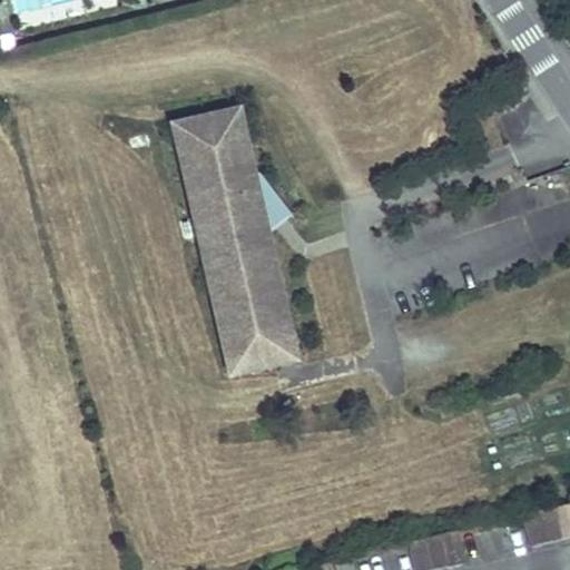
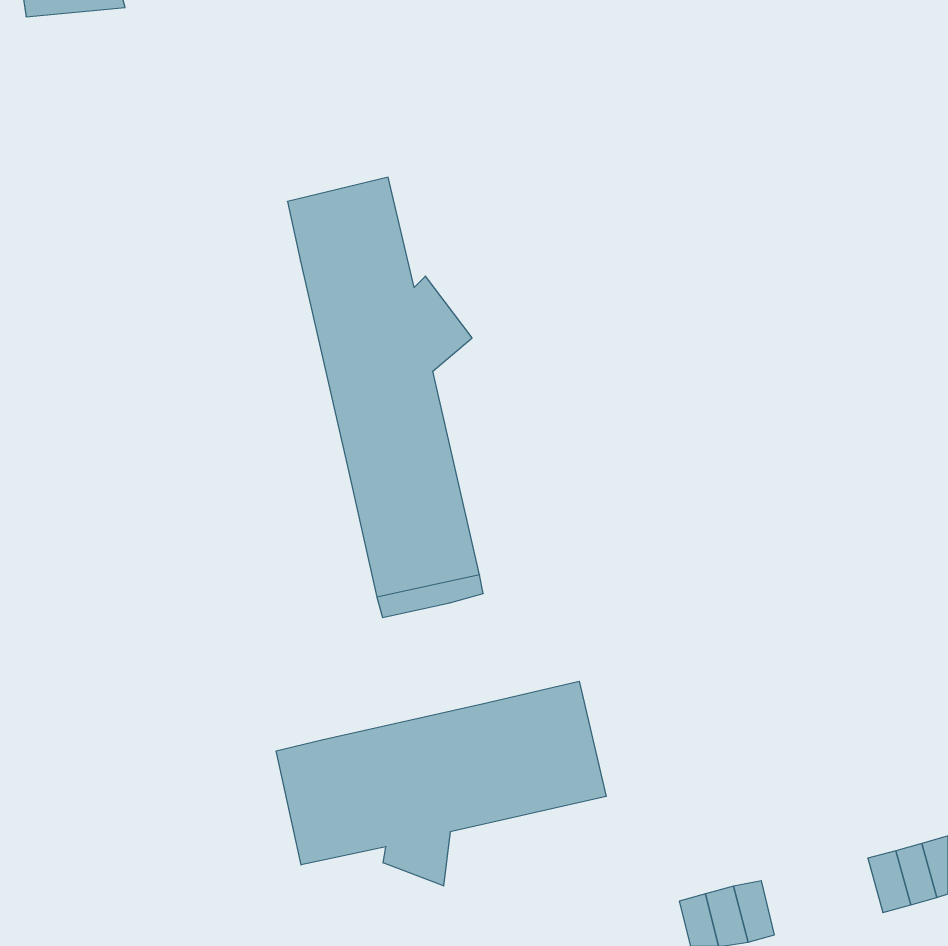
building: none -> [276,681,606,886]

